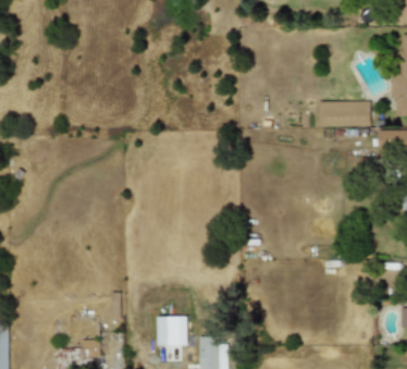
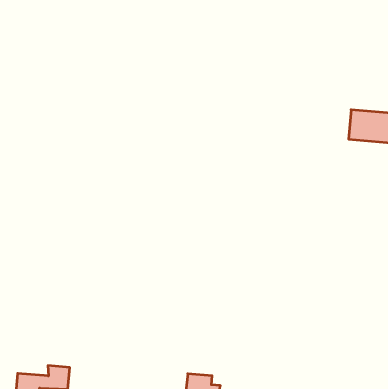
building: [158,316,188,345] -> none

